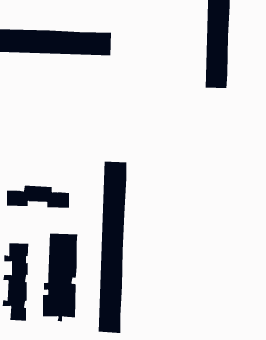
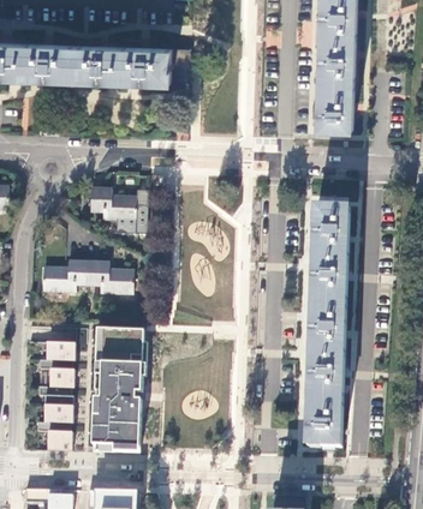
building: none -> [90,188,136,221]
building: [98,161,127,334] -> [309,208,350,448]

